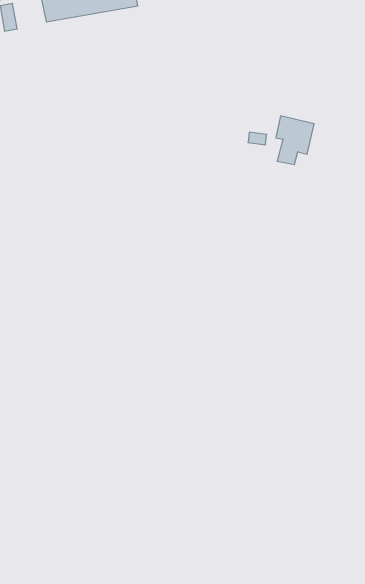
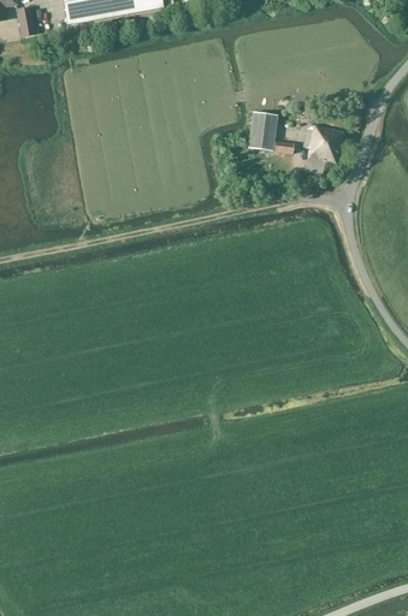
building: none -> [247,109,277,148]

